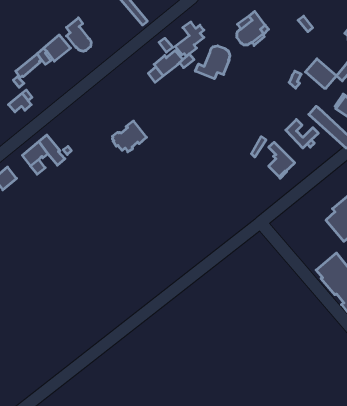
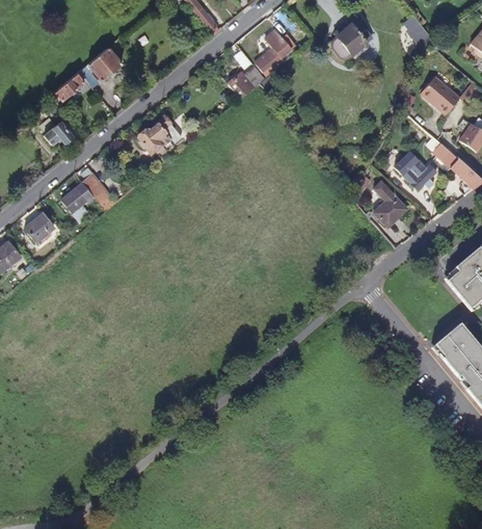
building: [66,18,91,51] -> none
building: [195,46,230,79] -> none
building: [112,121,147,152] -> [138,115,182,155]

